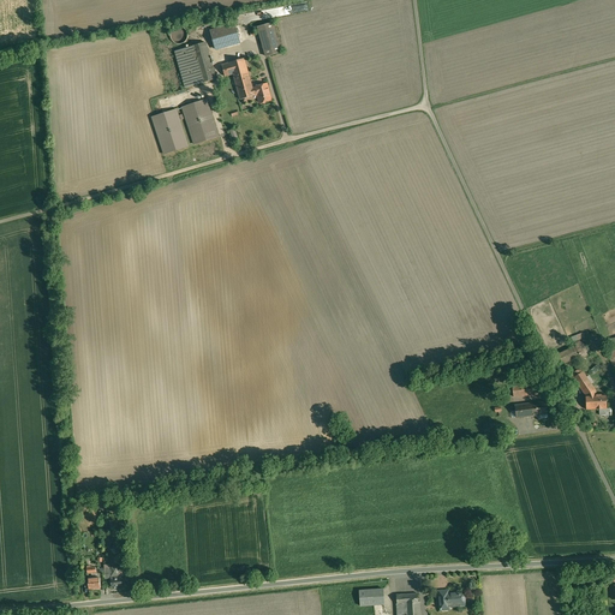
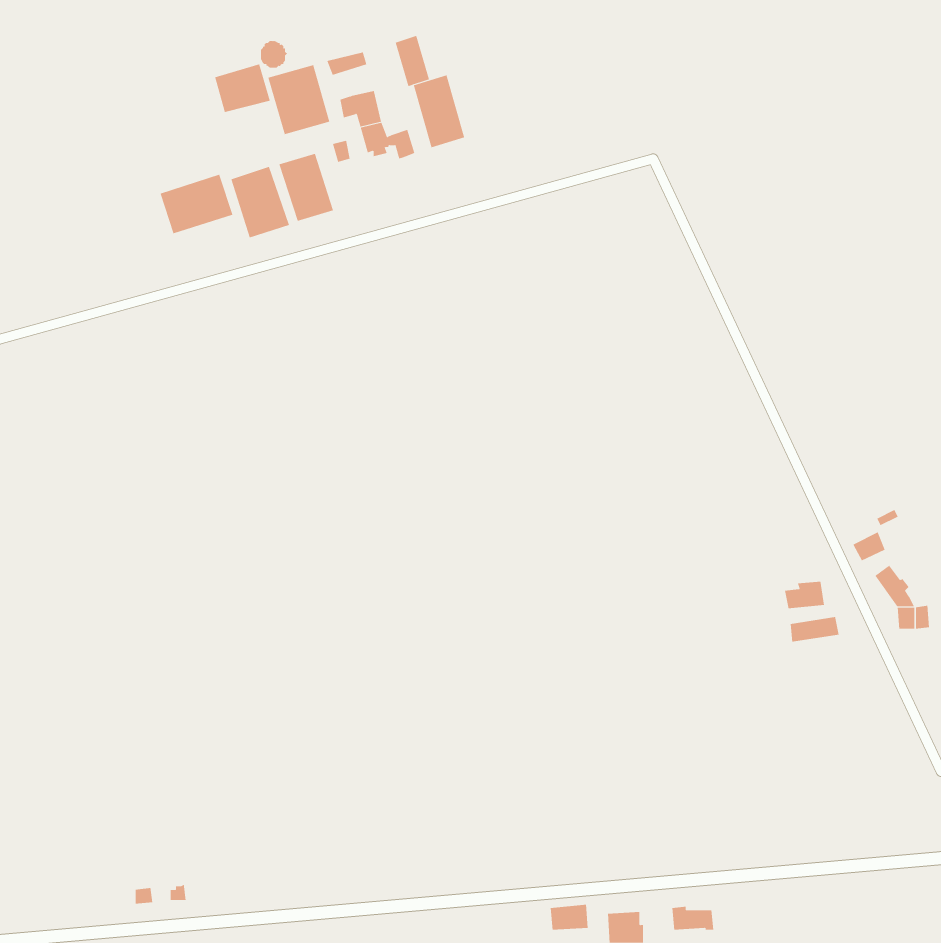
building: none -> [215,64,271,113]
building: none -> [413,74,465,148]
building: none -> [160,174,233,234]

